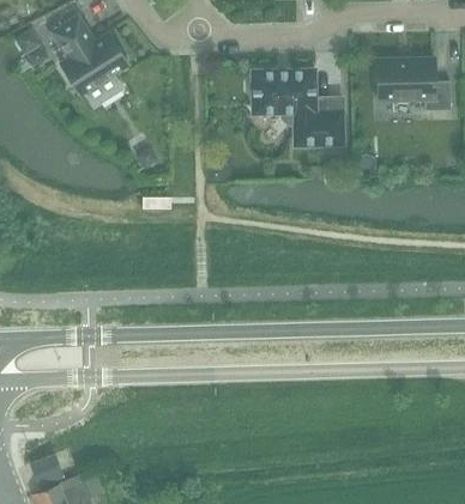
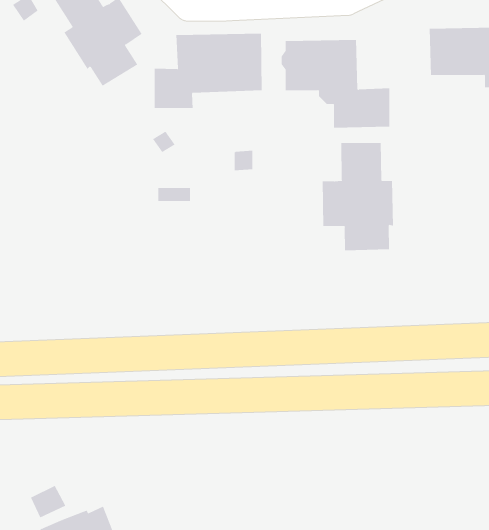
building: none -> [154,33,262,109]
building: none -> [322,142,393,251]

